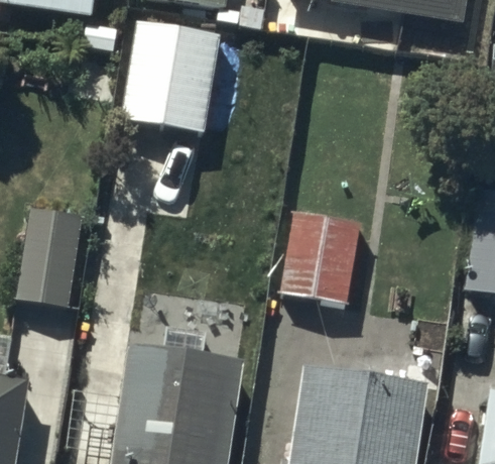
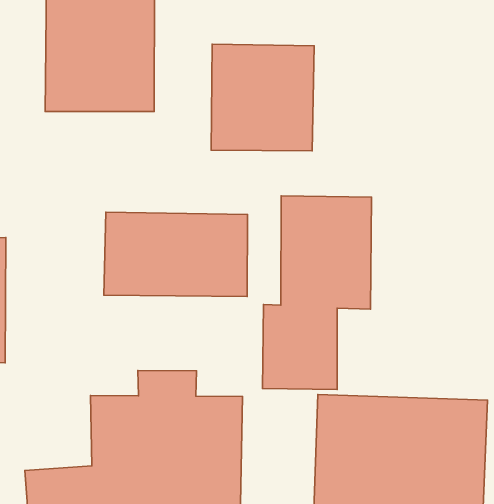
building: none -> [211,44,314,151]
building: none -> [104,212,247,297]

